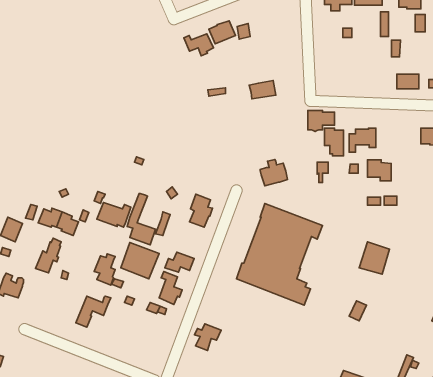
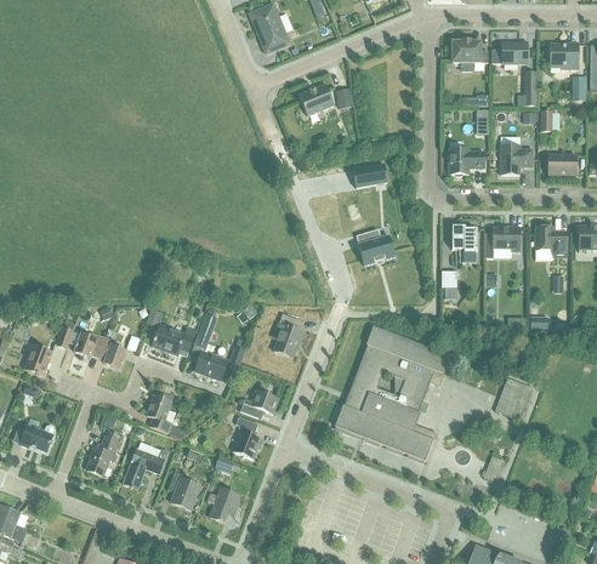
building: [184,34,214,56] -> none
building: none -> [500,144,533,173]
building: [308,110,334,132] -> [449,148,484,176]
building: [260,159,288,186] -> [358,229,394,264]
building: [367,160,391,181] -> [535,226,567,253]
building: [36,238,61,273] -> [86,429,120,475]
building: [121,243,159,279] -> none
building: none -> [167,471,201,509]
building: [195,324,221,350] -> [207,486,243,522]

